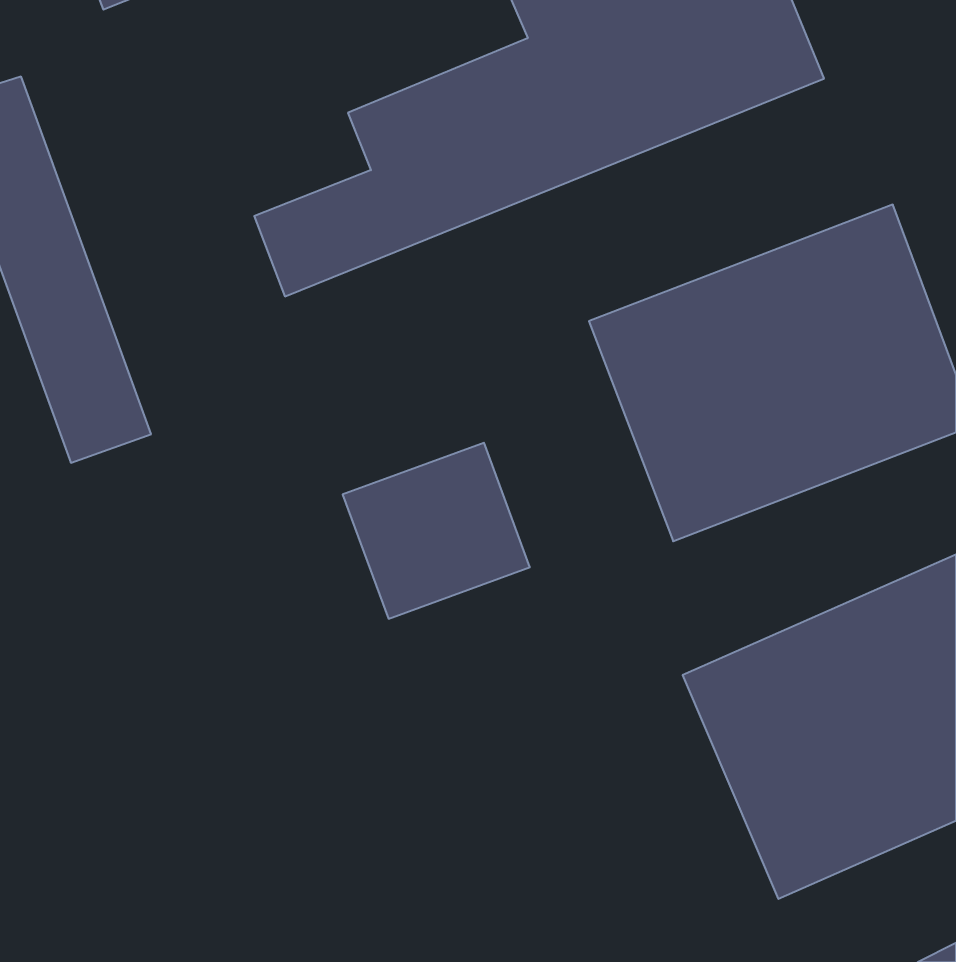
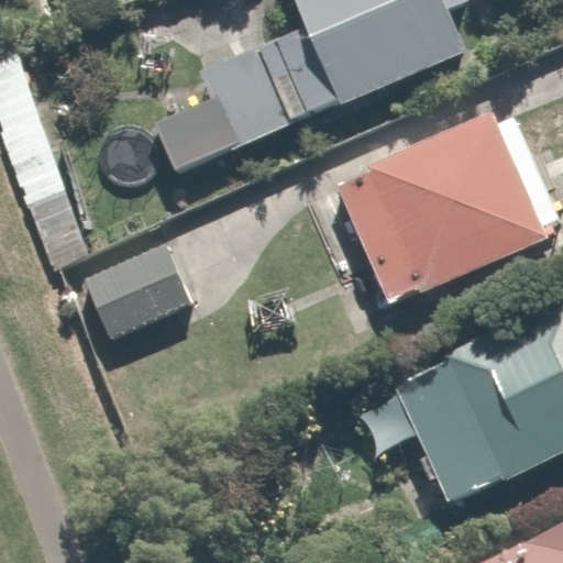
building: [343,443,530,619] -> [84,240,191,341]

